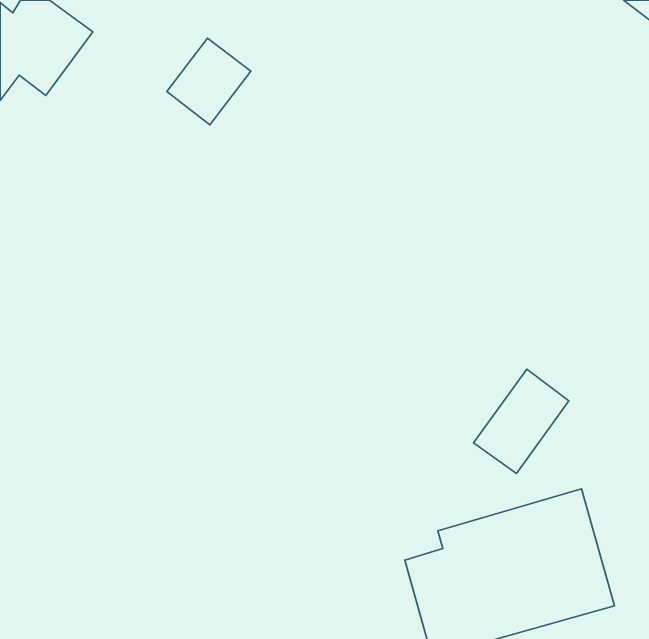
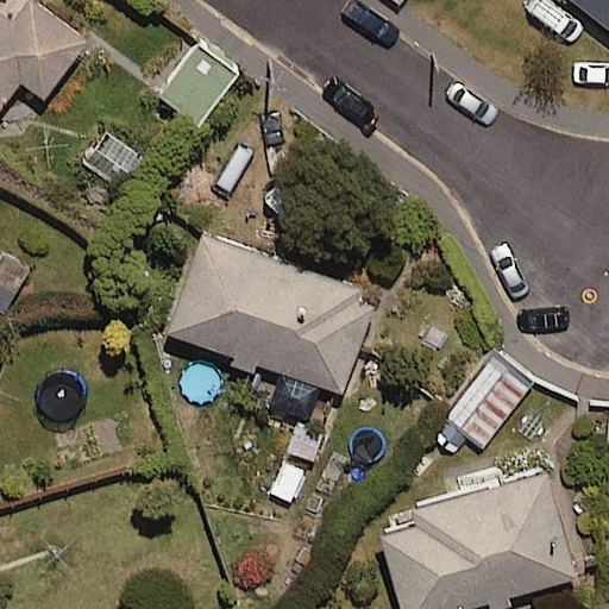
building: none -> [167,234,377,396]

